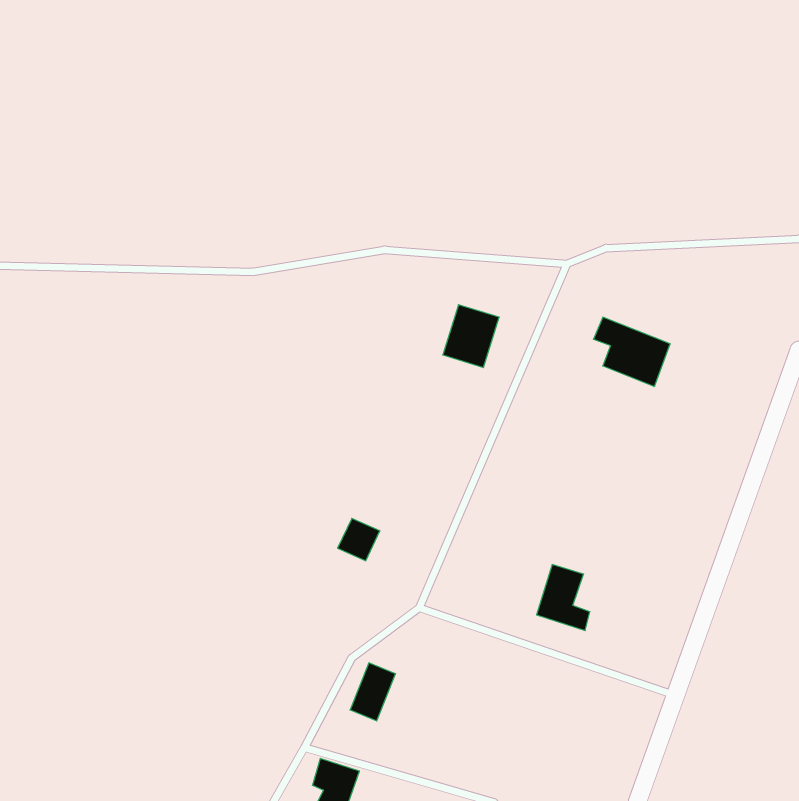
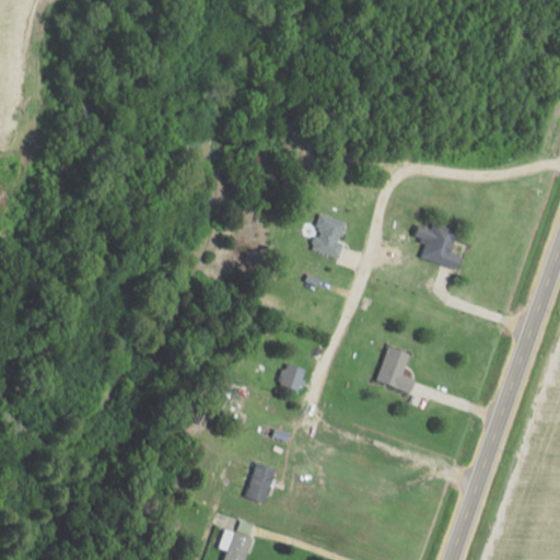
building: [338,518,380,561] -> [277,362,306,392]
building: [537,565,590,631] -> [376,347,413,393]

